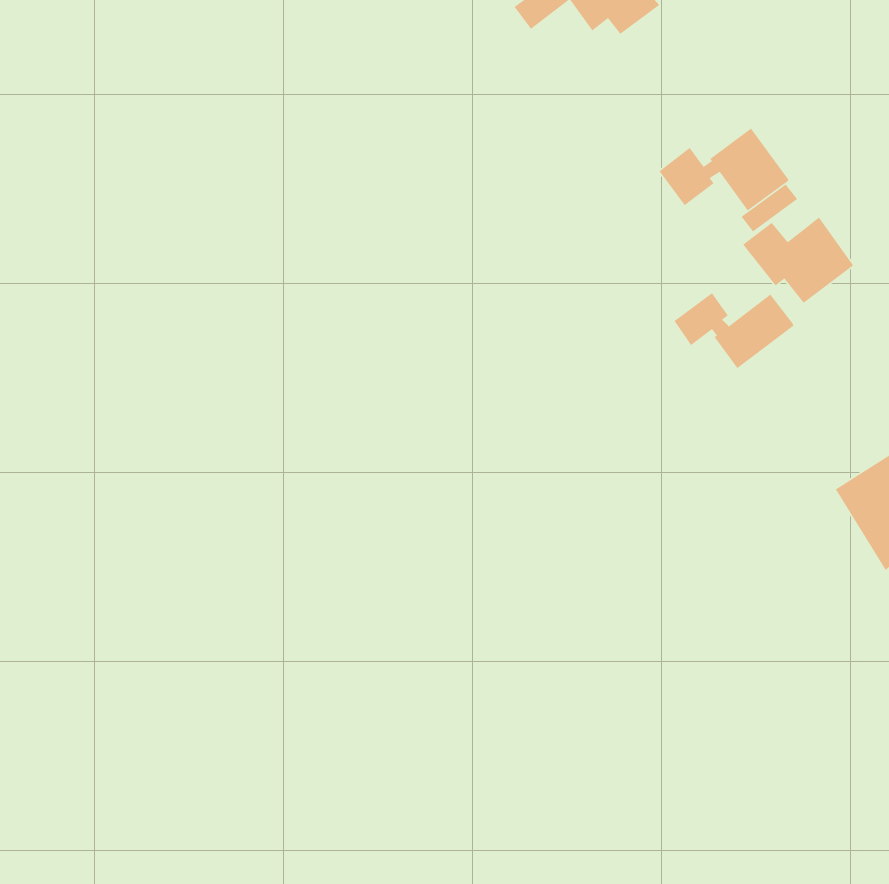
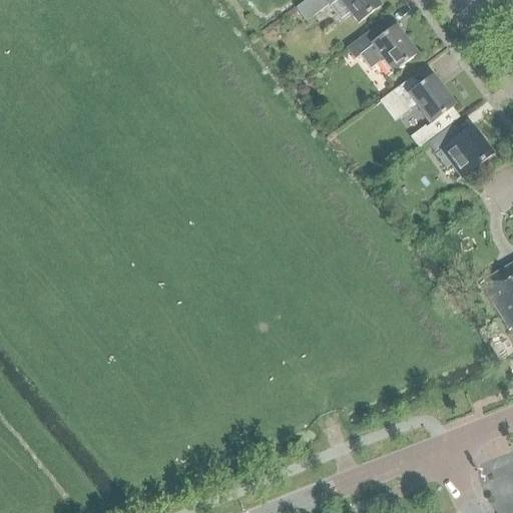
building: none -> [348,23,417,69]
building: [673,292,794,369] -> none

